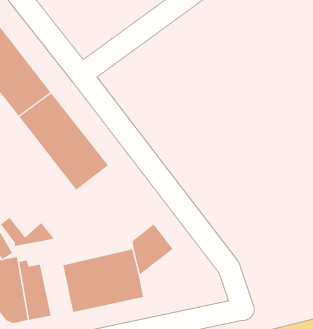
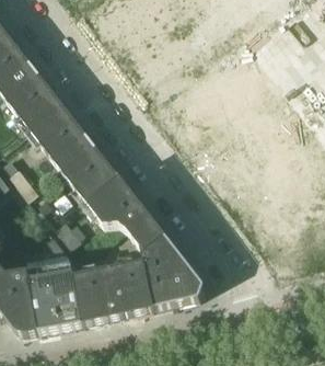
building: none -> [85,174,163,250]
building: none -> [149,258,202,306]
building: none -> [50,262,82,324]

